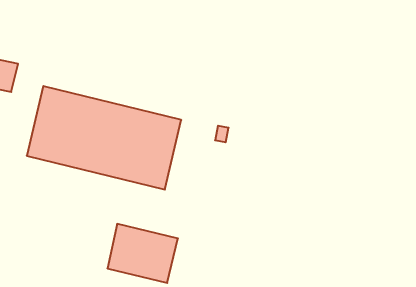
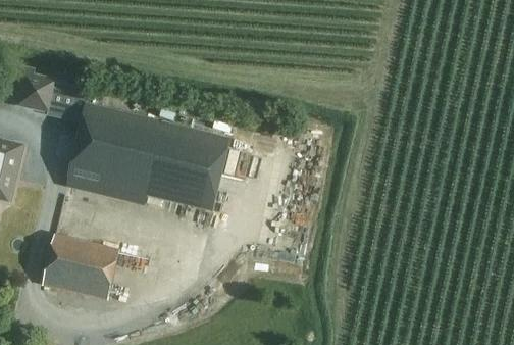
building: [107,224,178,283] -> [43,237,117,299]

